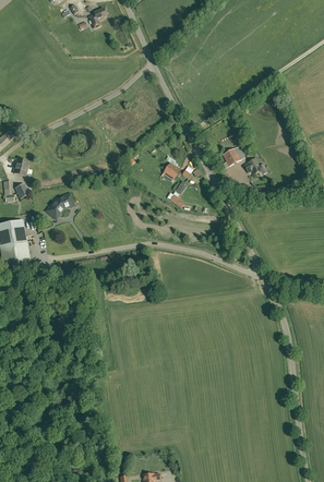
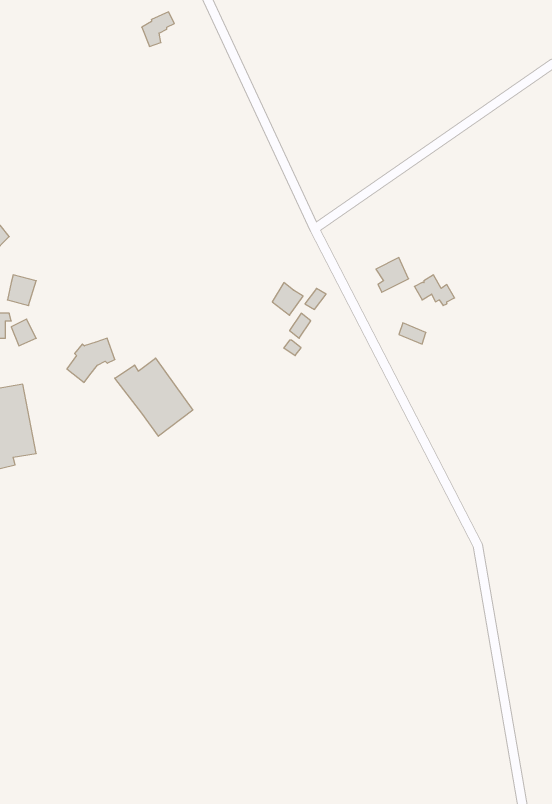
building: none -> [115,358,193,436]

